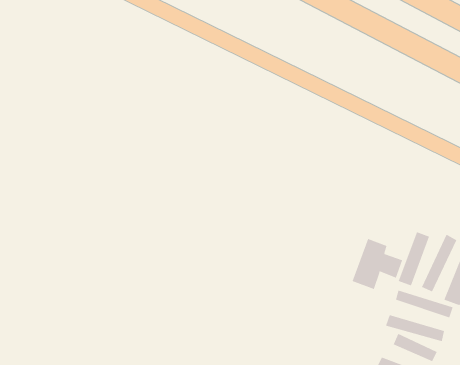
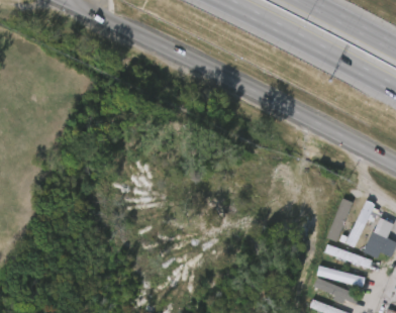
building: [352,238,403,290] -> none

